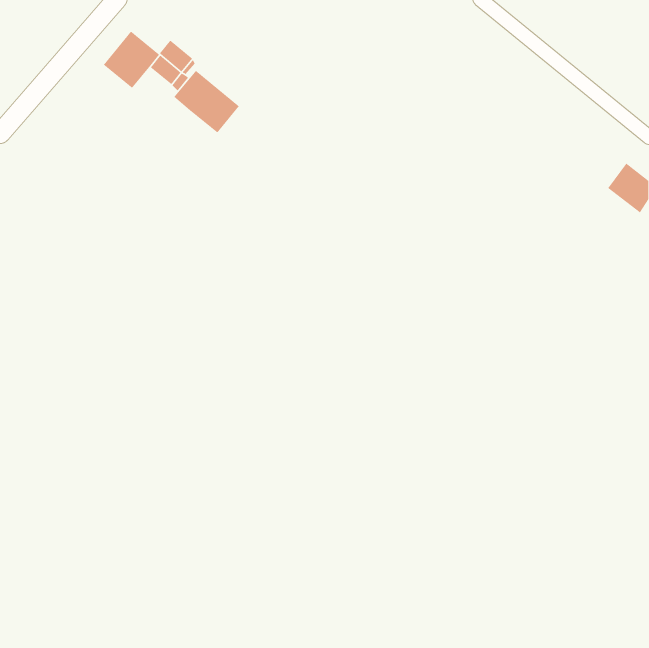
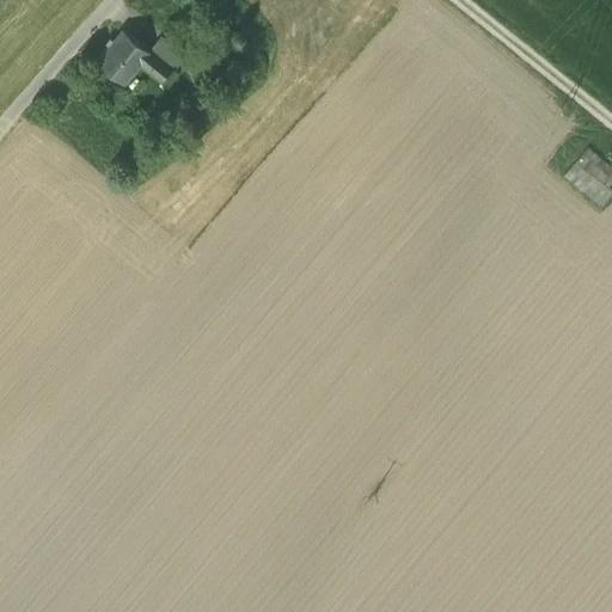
building: [173,70,240,134] -> none

